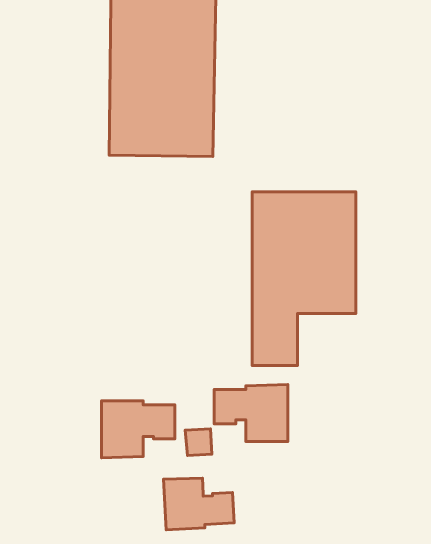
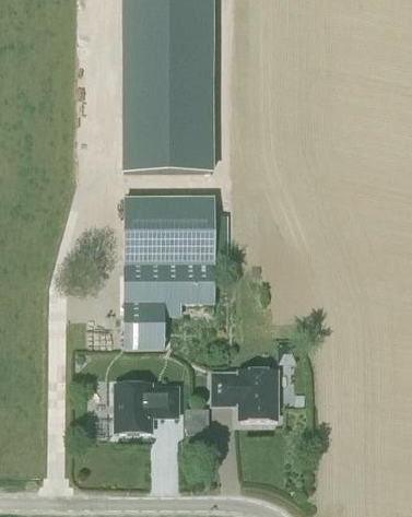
building: [252,192,356,365] -> [125,198,214,348]
building: [164,478,234,530] -> none

